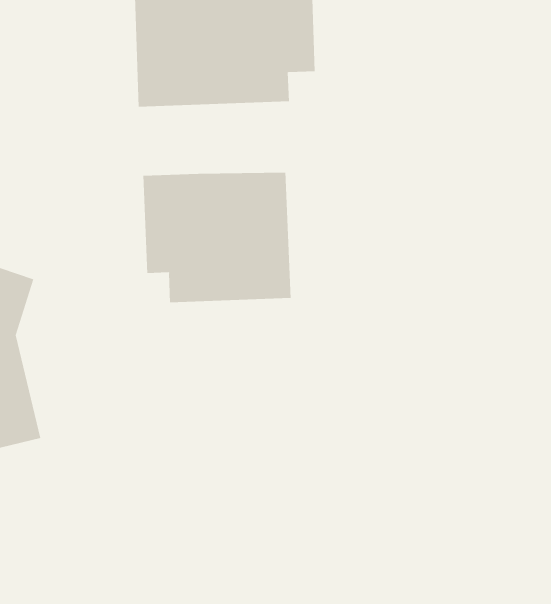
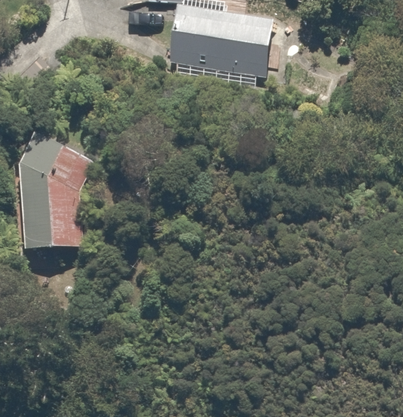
building: [143,172,291,303] -> none

